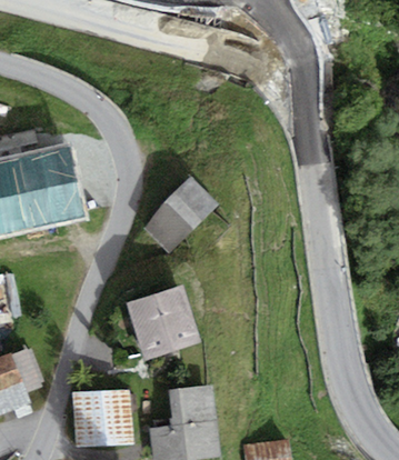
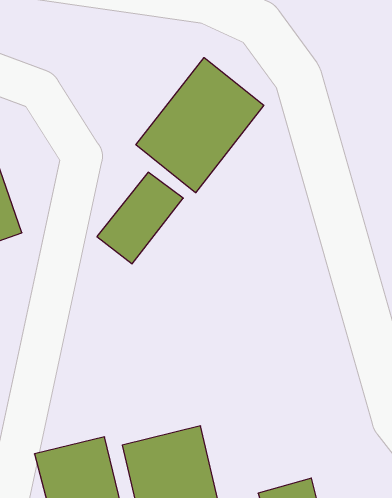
building: none -> [136,58,264,193]
building: [120,287,189,360] -> none

